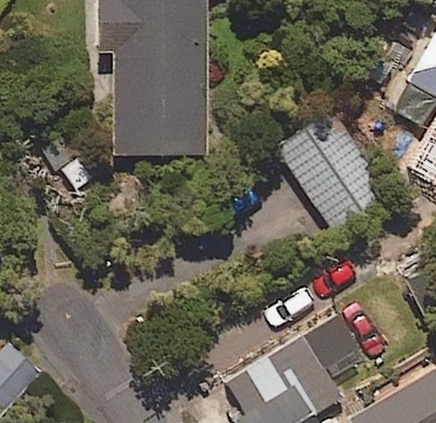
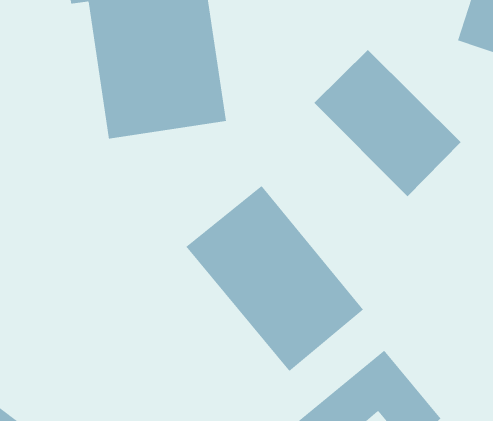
building: none -> [186,185,364,372]

